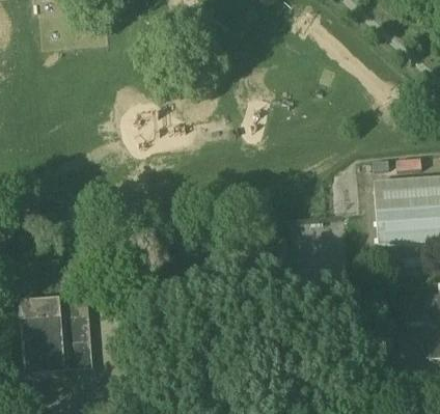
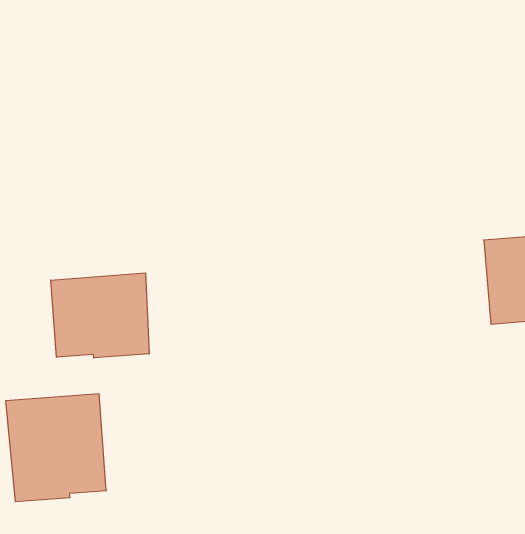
building: none -> [51,273,149,358]

